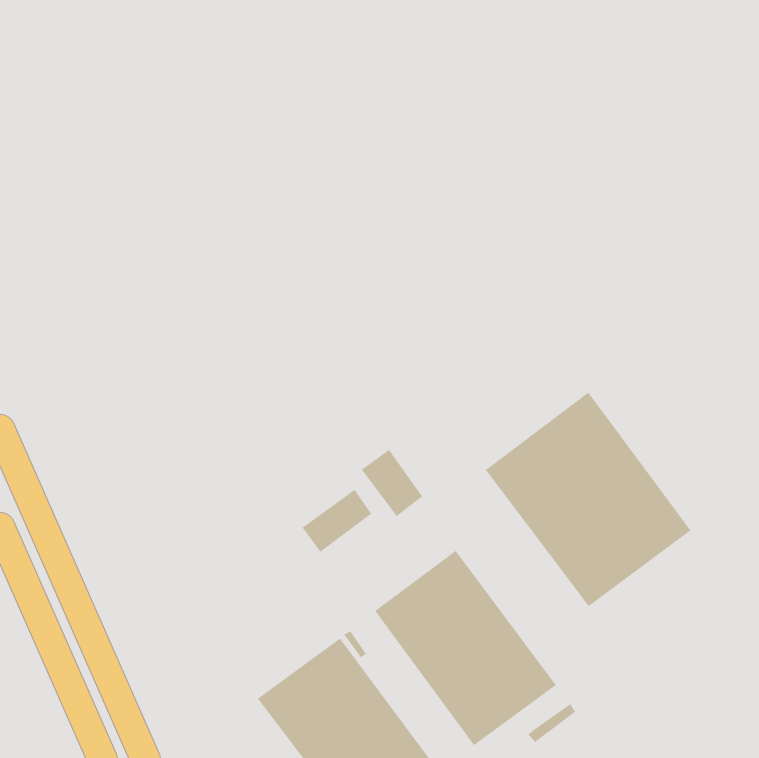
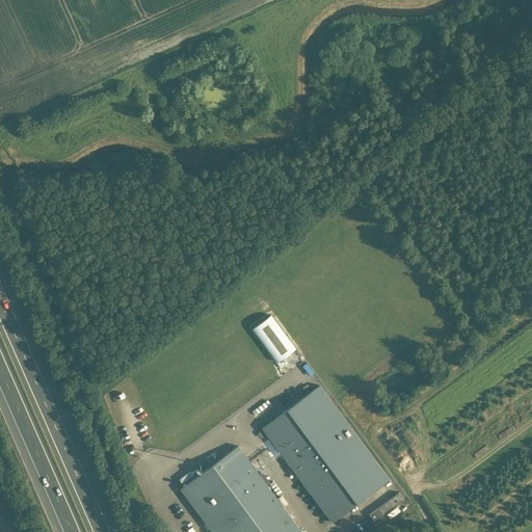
building: [485,392,692,607] -> none
building: [302,489,372,553] -> none

